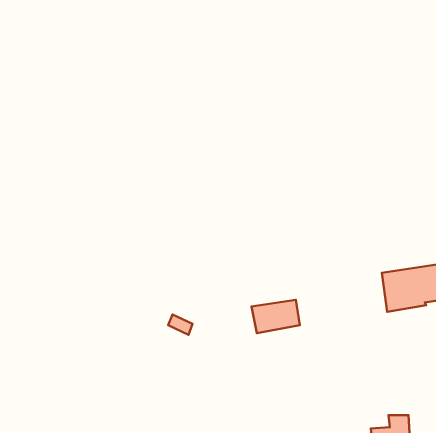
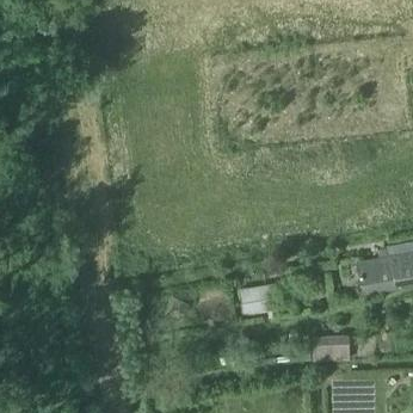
building: none -> [310,335,350,359]

